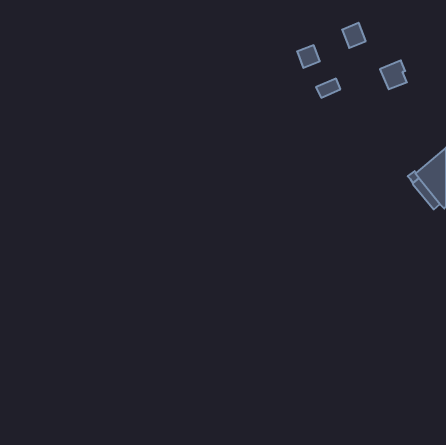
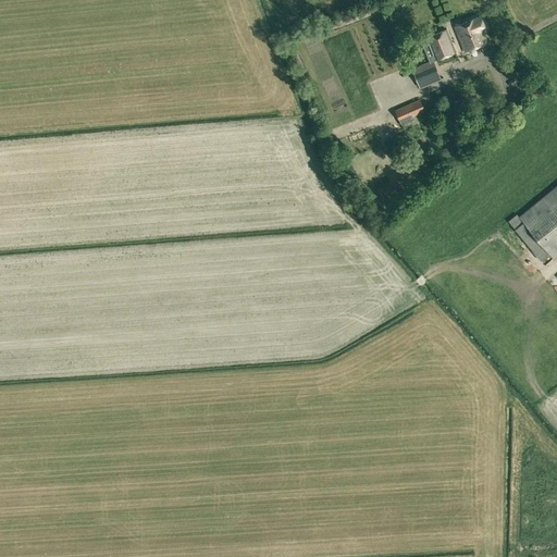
building: [297,45,320,68] -> [412,61,441,89]
building: [380,60,407,89] -> [454,16,487,52]

